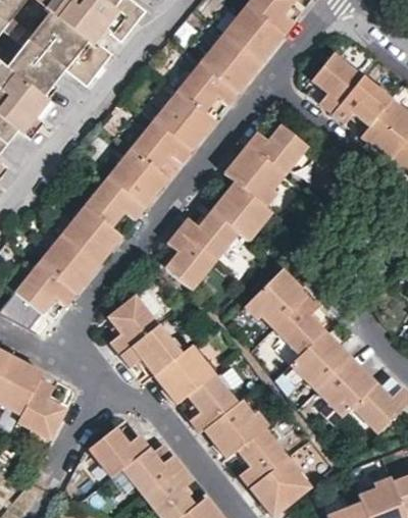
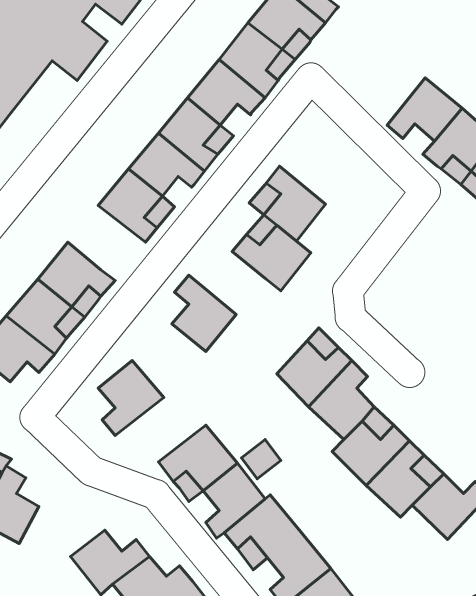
building: [313,54,362,113] -> none
building: [249,126,307,174] -> none
building: [85,175,145,225] -> none
building: [178,211,239,260] -> none
building: [121,324,183,374] -> none

